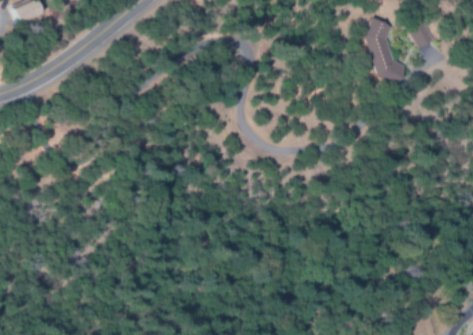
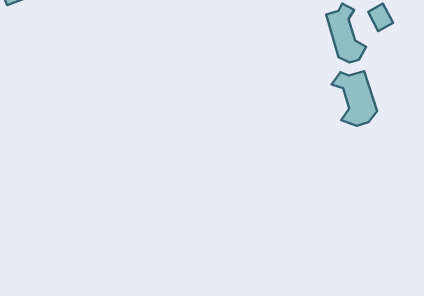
building: none -> [331,71,377,126]

